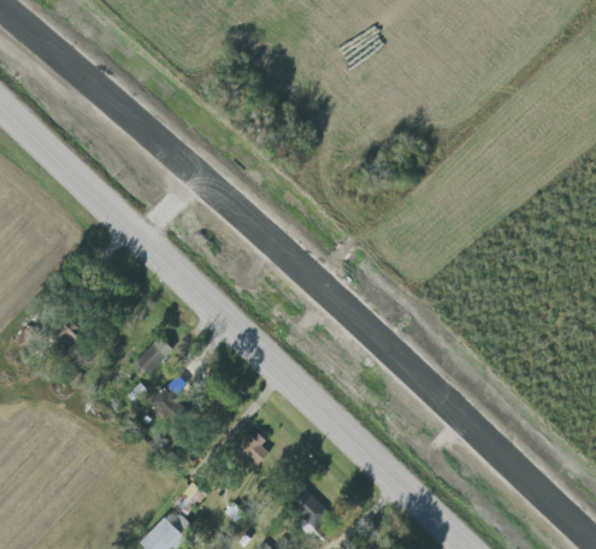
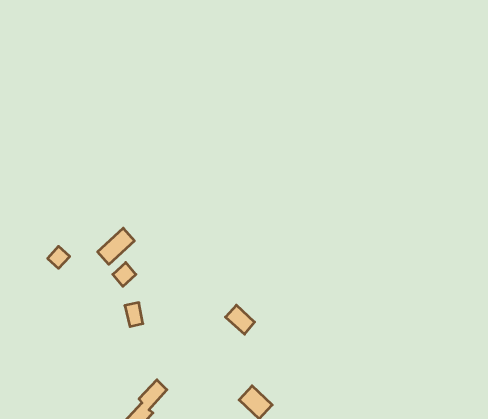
building: none -> [98,228,134,264]
building: [235,430,270,465] -> [225,305,255,334]

